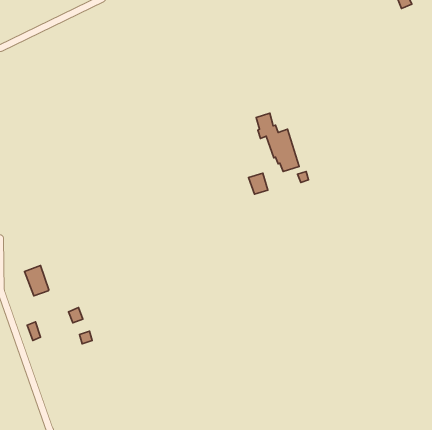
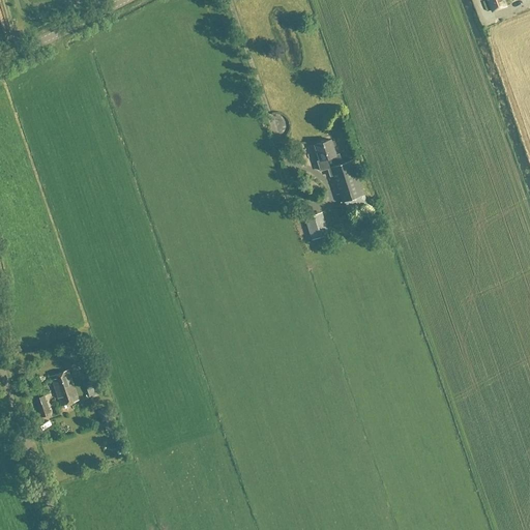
building: [24,265,49,296] -> [49,369,79,406]

